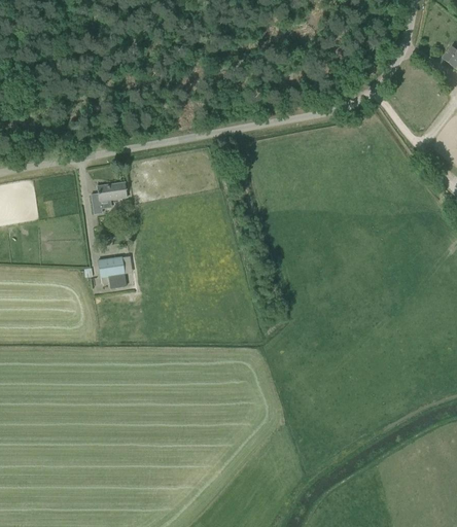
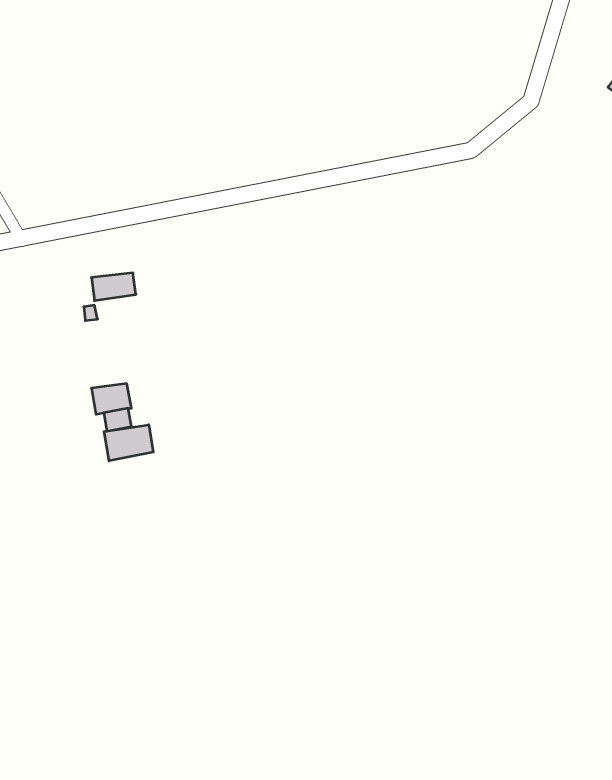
building: none -> [104,425,153,461]

